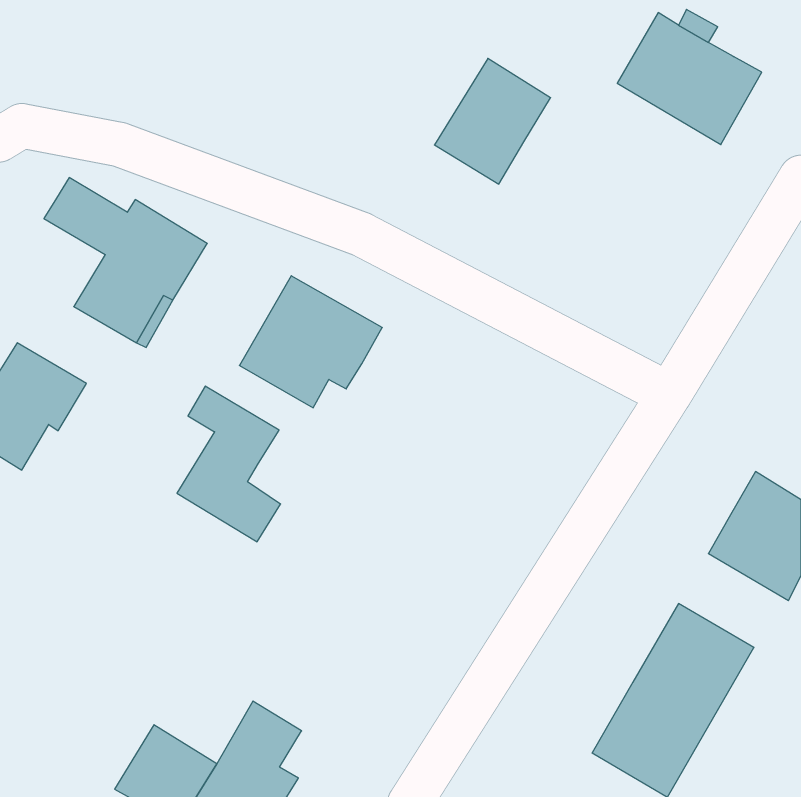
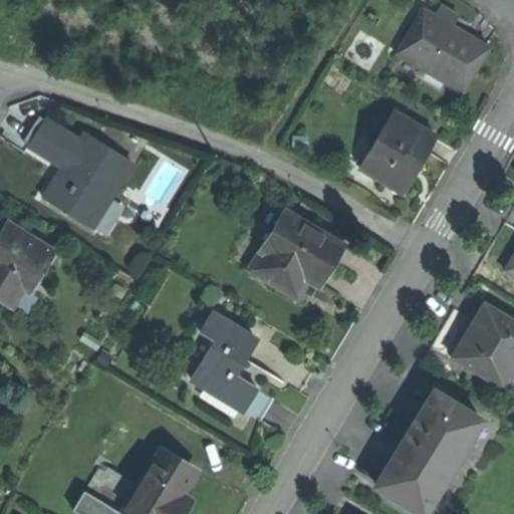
building: [434,58,551,184] -> [361,112,436,193]
building: [239,276,382,408] -> [252,213,343,297]
building: [177,386,281,542] -> [193,313,259,413]

